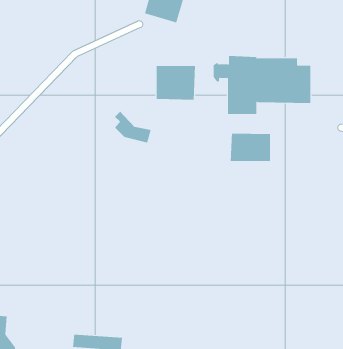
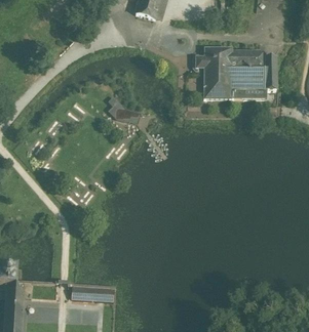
building: [156,65,195,100] -> none
building: [230,133,270,162] -> none

